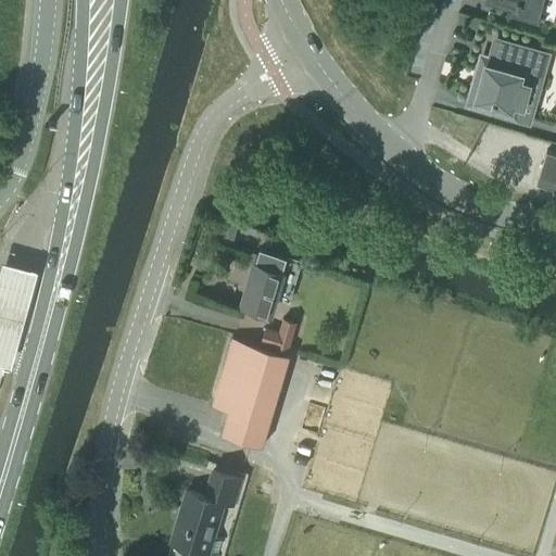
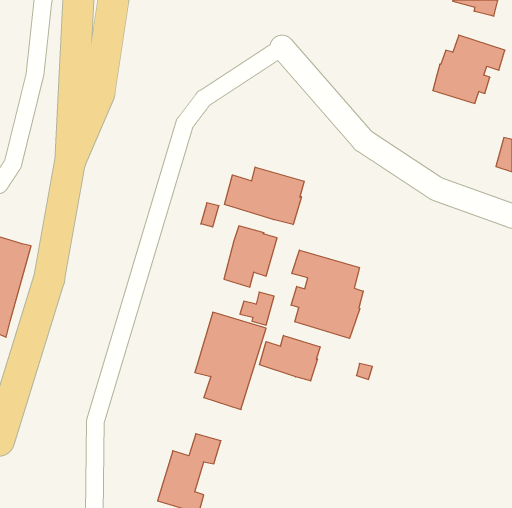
building: none -> [225,167,304,225]
building: none -> [291,250,363,338]
building: none -> [260,335,320,381]

